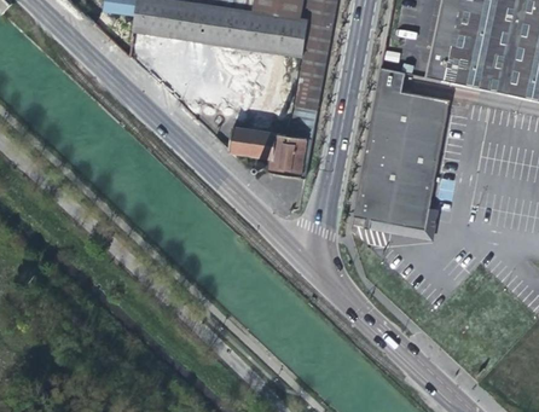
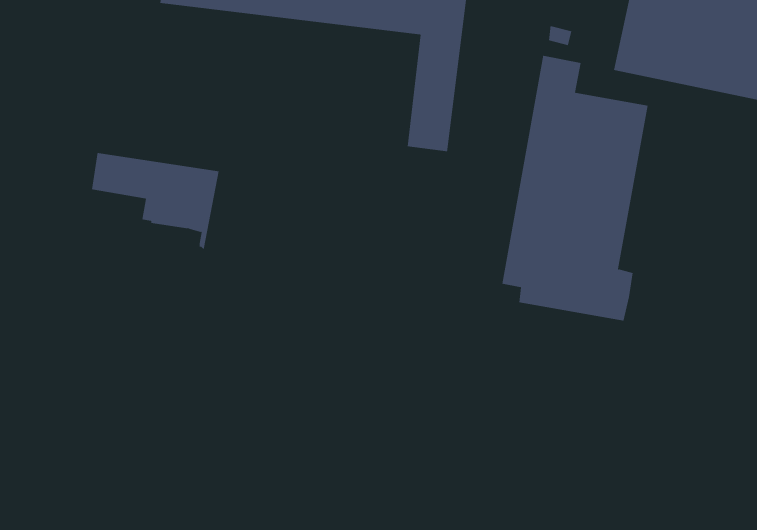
building: [228,126,312,188] -> [91,152,219,249]

